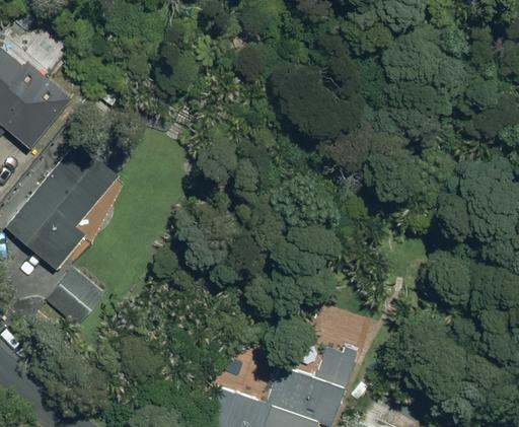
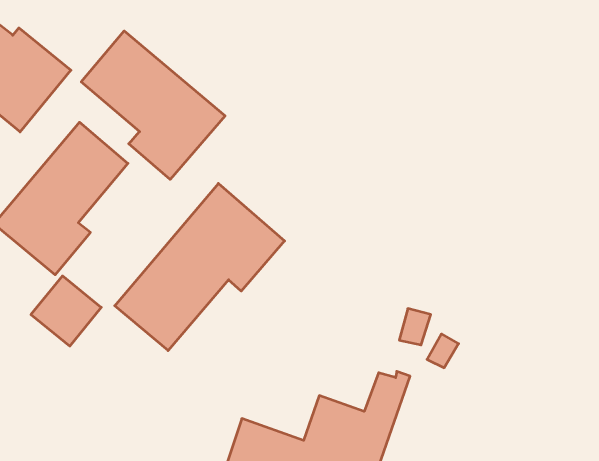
building: none -> [81,31,225,179]
building: none -> [115,183,285,351]

